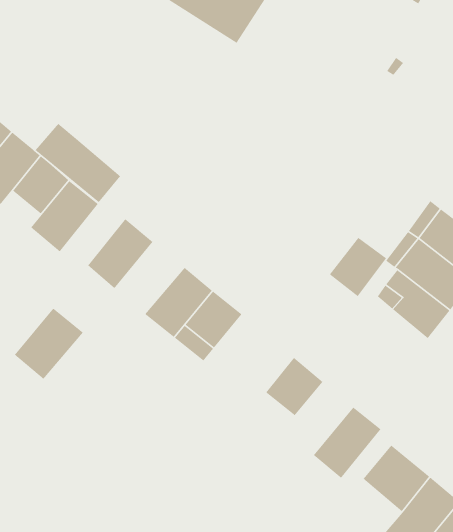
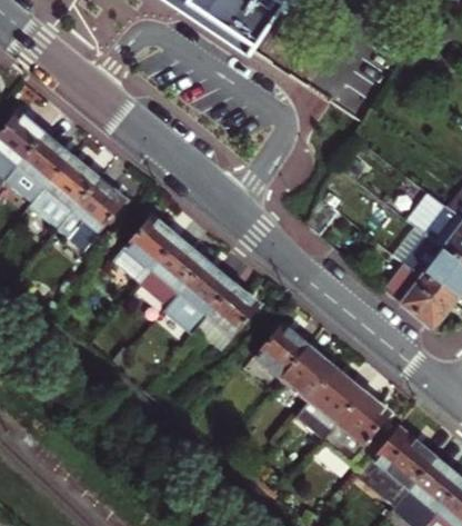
building: [35,123,121,203] -> none
building: [329,237,387,297] -> none
building: [14,308,84,380] -> [140,236,205,304]
building: none -> [254,322,308,377]
building: none -> [295,367,363,438]

